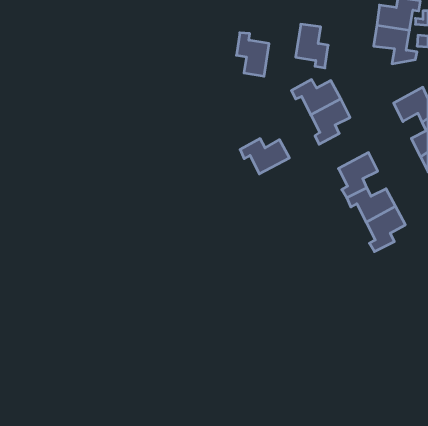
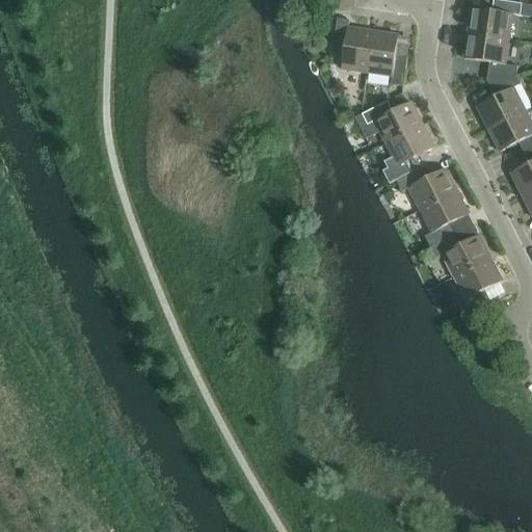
building: [236,33,269,76] -> [332,17,373,71]
building: none -> [476,74,525,128]
building: [240,139,289,174] -> [396,165,457,209]

